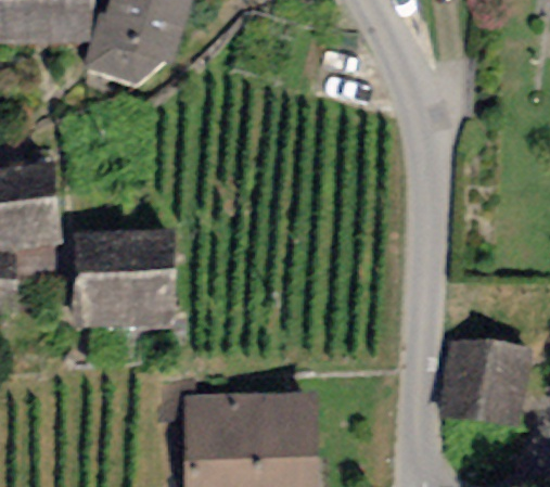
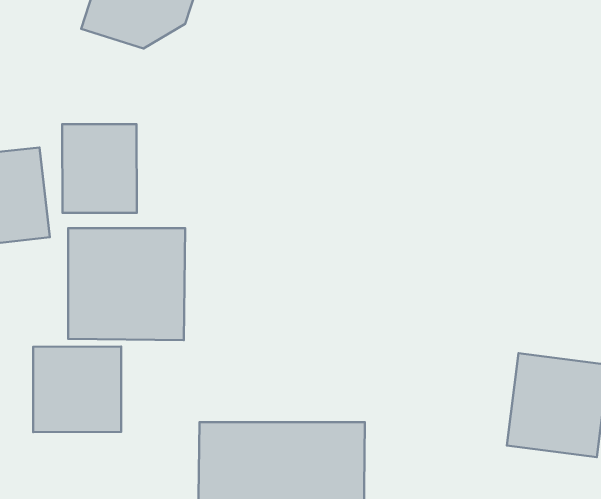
building: none -> [62,124,137,213]
building: none -> [33,346,121,432]

